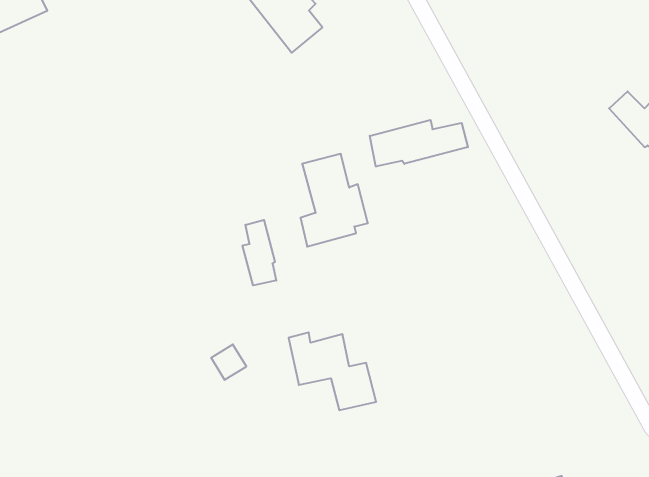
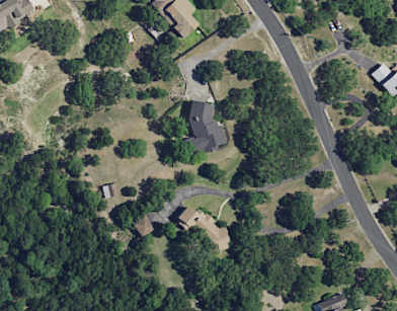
building: [370,120,468,167] -> none
building: [243,220,276,285] -> none

